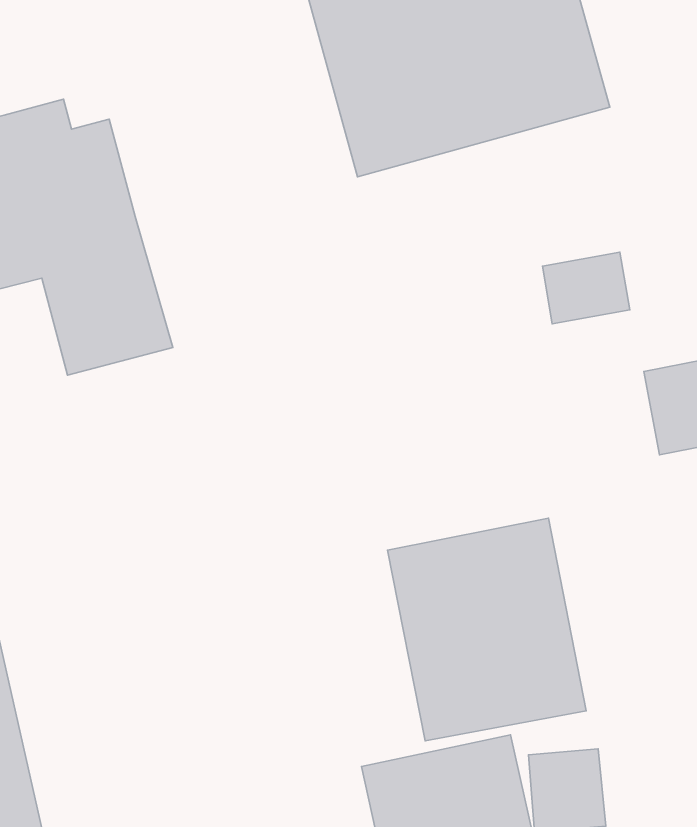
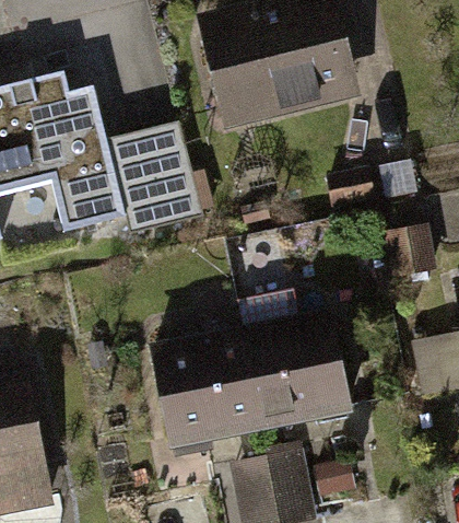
building: none -> [104,128,207,242]
building: none -> [152,334,263,457]

